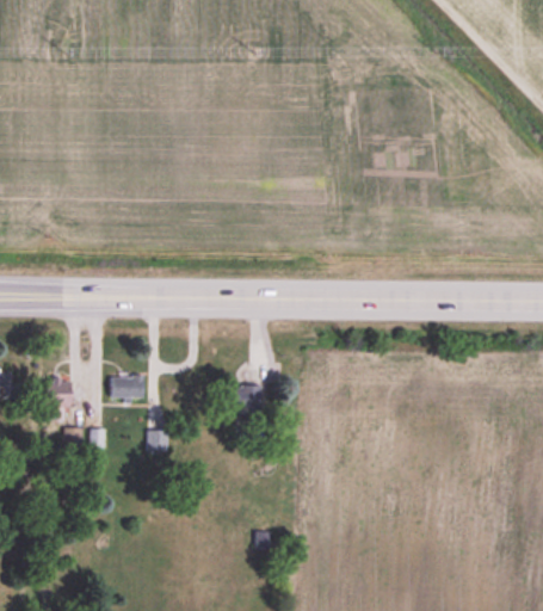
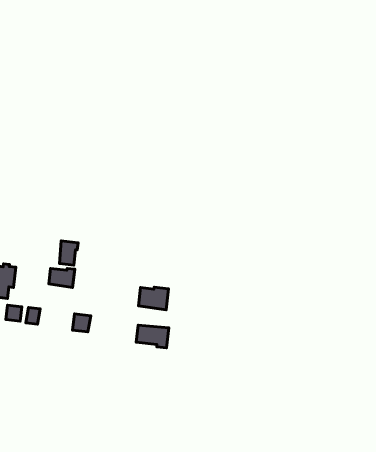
building: none -> [60,241,78,265]
building: none -> [136,325,169,348]

